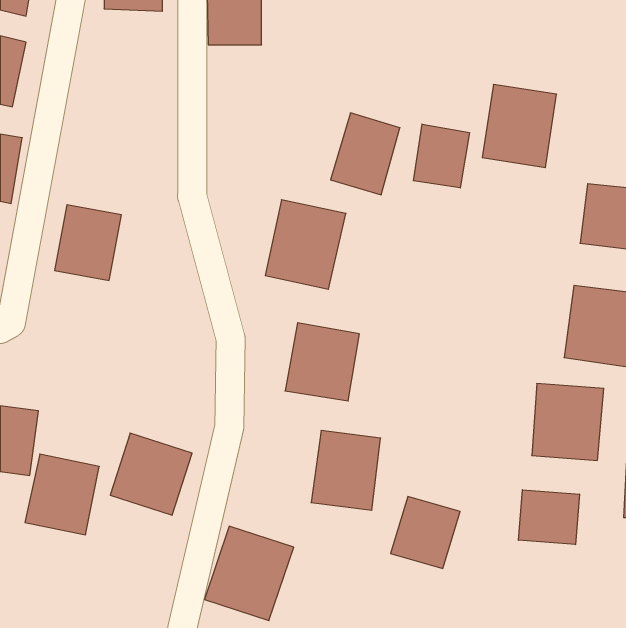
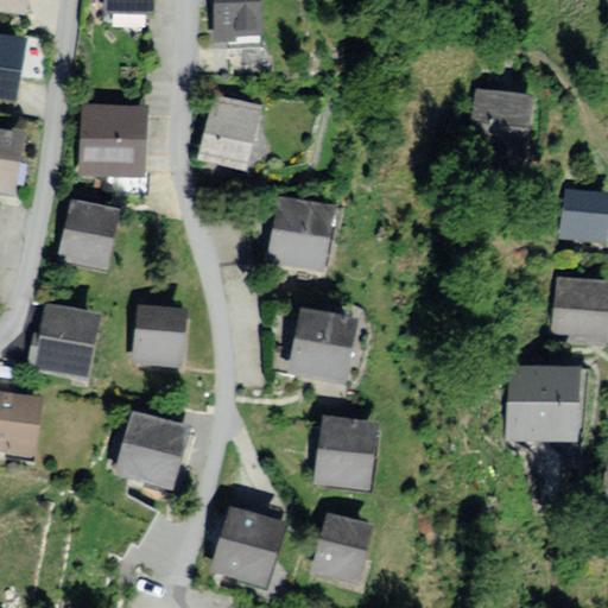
building: none -> [80,100,152,179]
building: [331,113,400,195] -> [195,95,261,173]
building: [413,124,469,188] -> none
building: none -> [132,303,191,369]
building: [25,454,99,535] -> [28,302,100,379]
building: [518,490,579,545] -> none
building: [391,497,460,568] -> [302,512,368,581]

